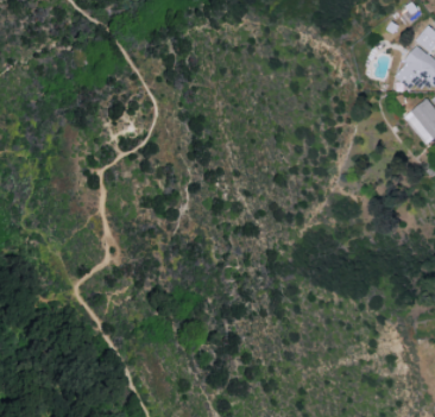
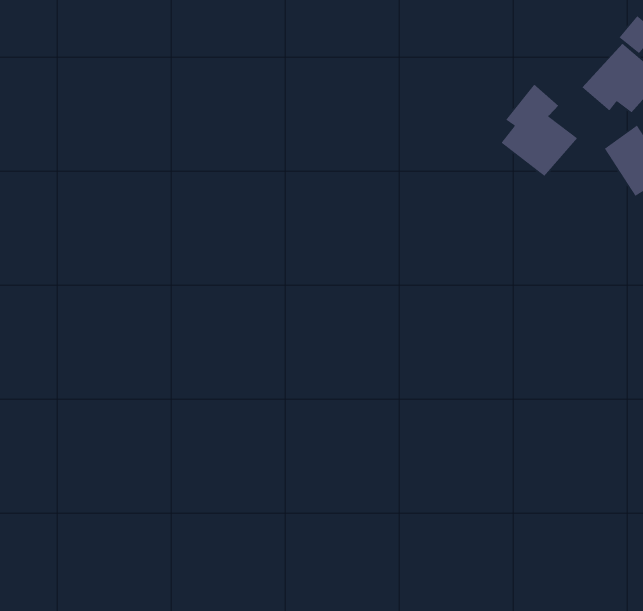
building: none -> [500,83,578,177]

